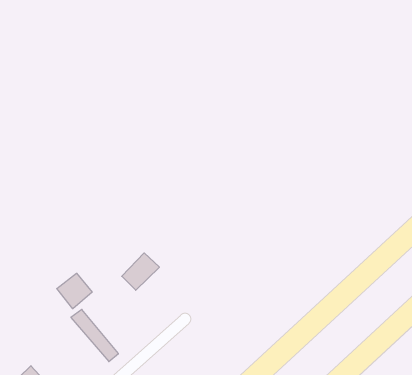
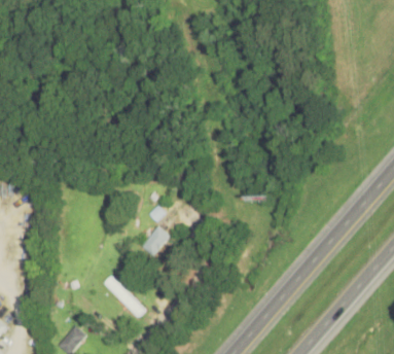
building: [57,273,92,309] -> none

